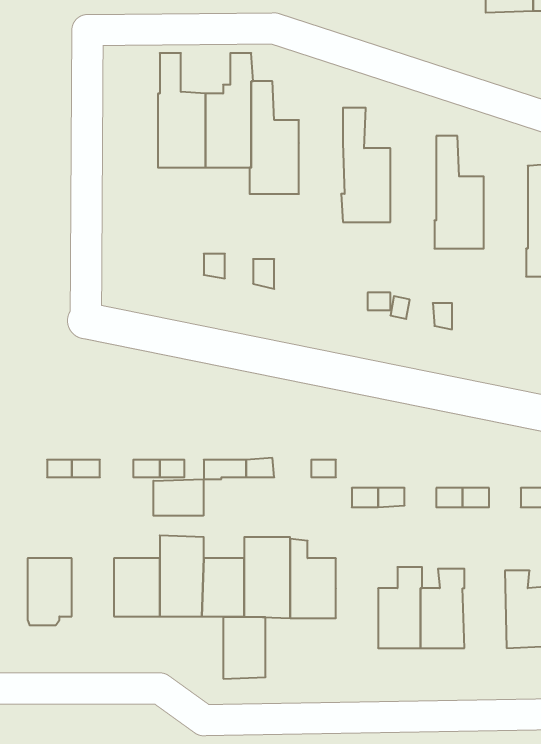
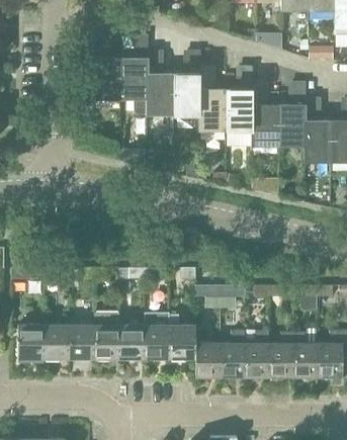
building: none -> [174,51,200,116]
building: none -> [227,67,254,133]
building: none -> [280,83,307,148]
building: [153,479,203,516] -> none
building: none -> [44,326,68,359]
building: none -> [268,333,293,377]
building: [223,617,266,679] -> [195,343,220,378]

